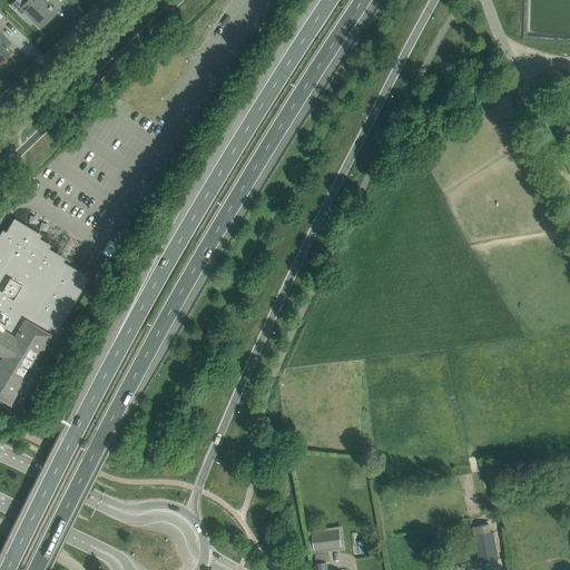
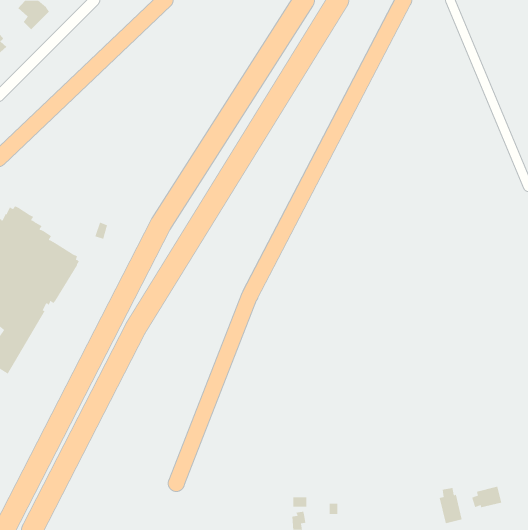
building: none -> [472,486,502,508]

